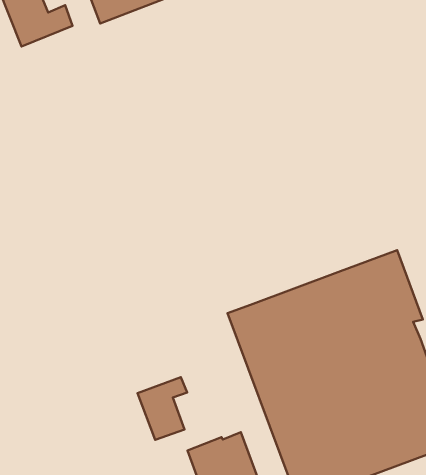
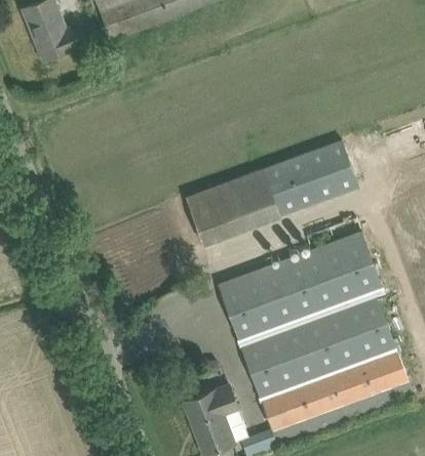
building: none -> [185,140,358,244]
building: [138,377,187,440] -> none

